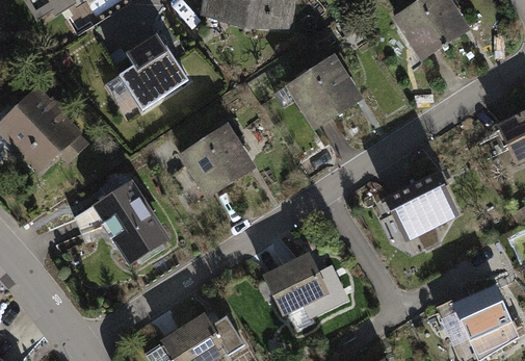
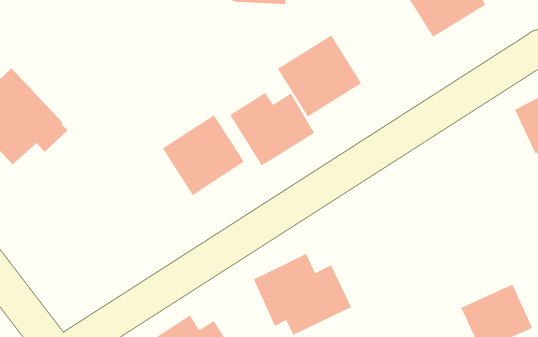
building: [116,33,185,111] -> none
building: none -> [229,92,315,167]
building: [389,167,460,253] -> none
building: [75,180,169,264] -> none

